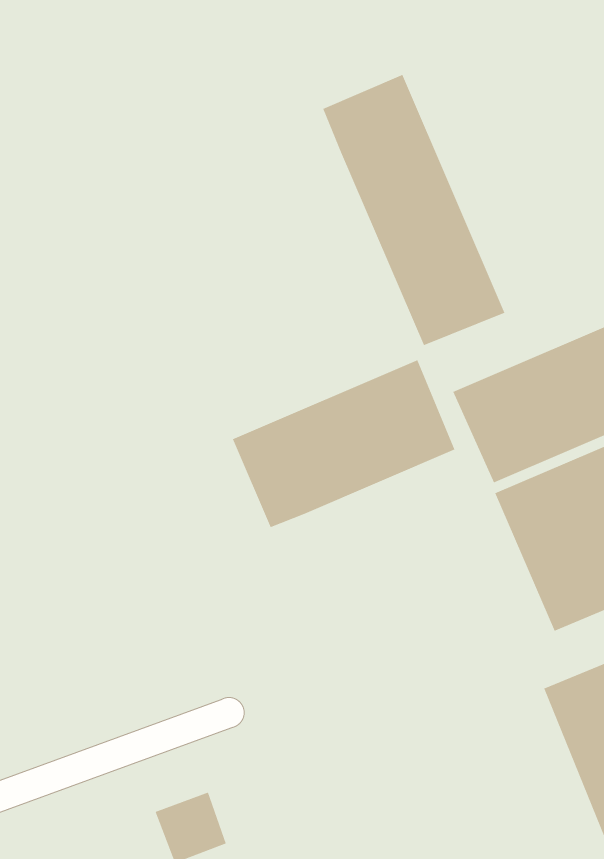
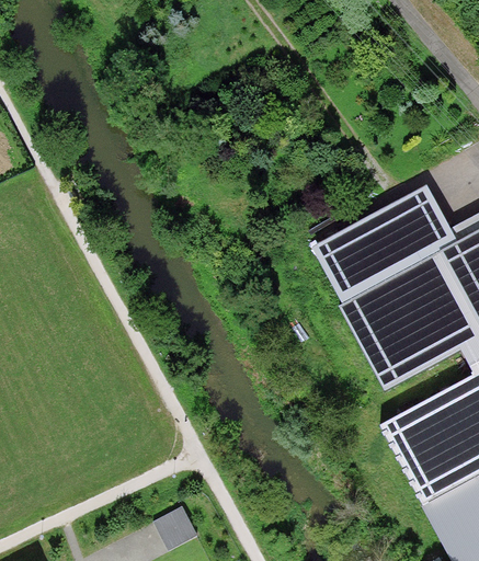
building: [322,74,505,346] -> none
building: [232,359,455,528] -> none

